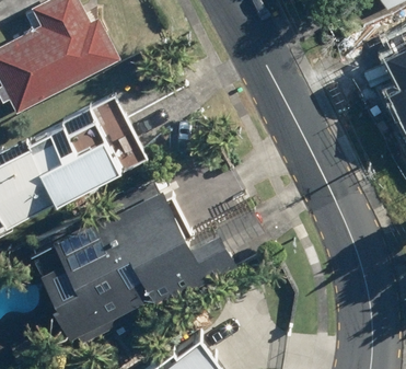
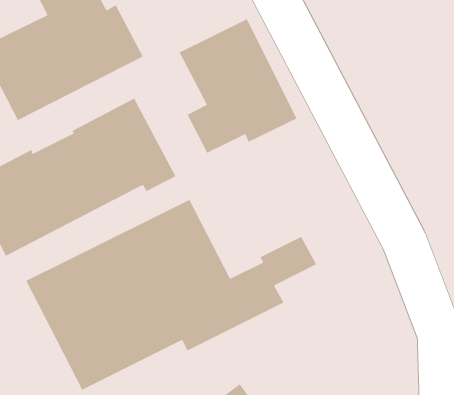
building: none -> [178,18,297,154]

